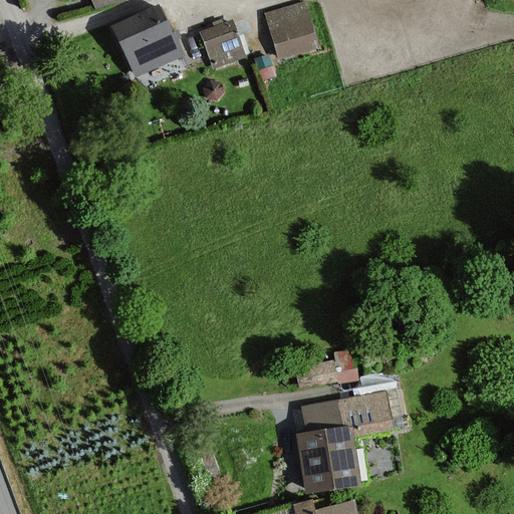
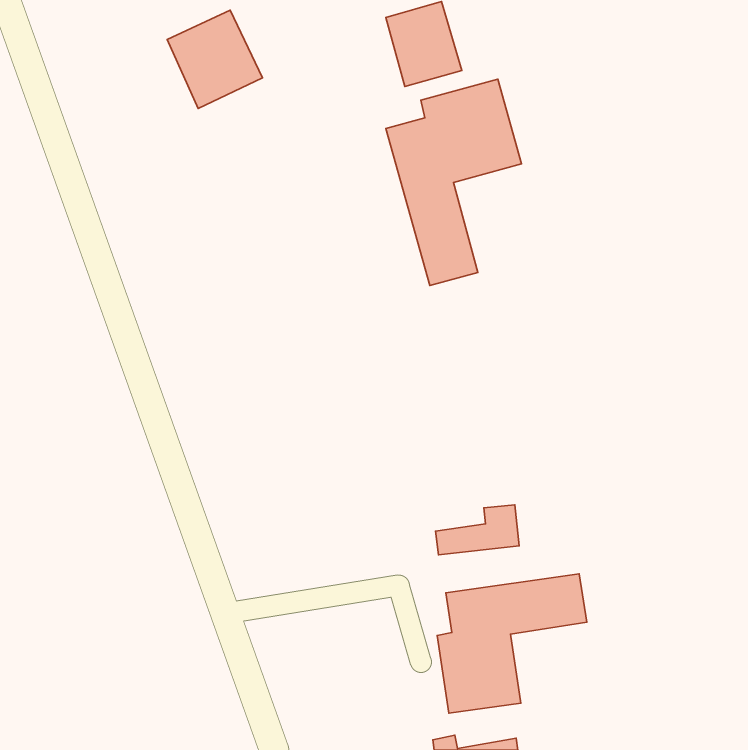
building: [197,13,248,70] -> none
building: none -> [386,79,522,285]

